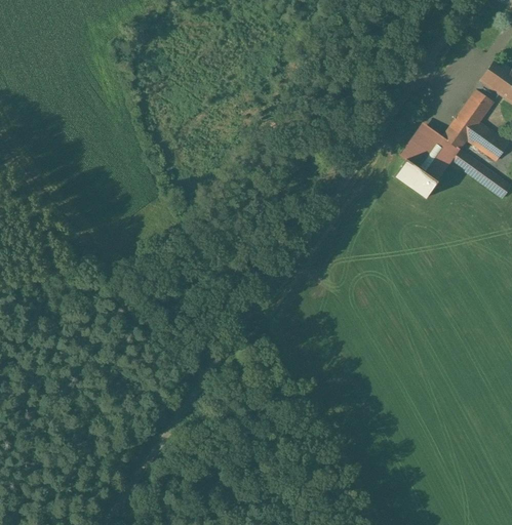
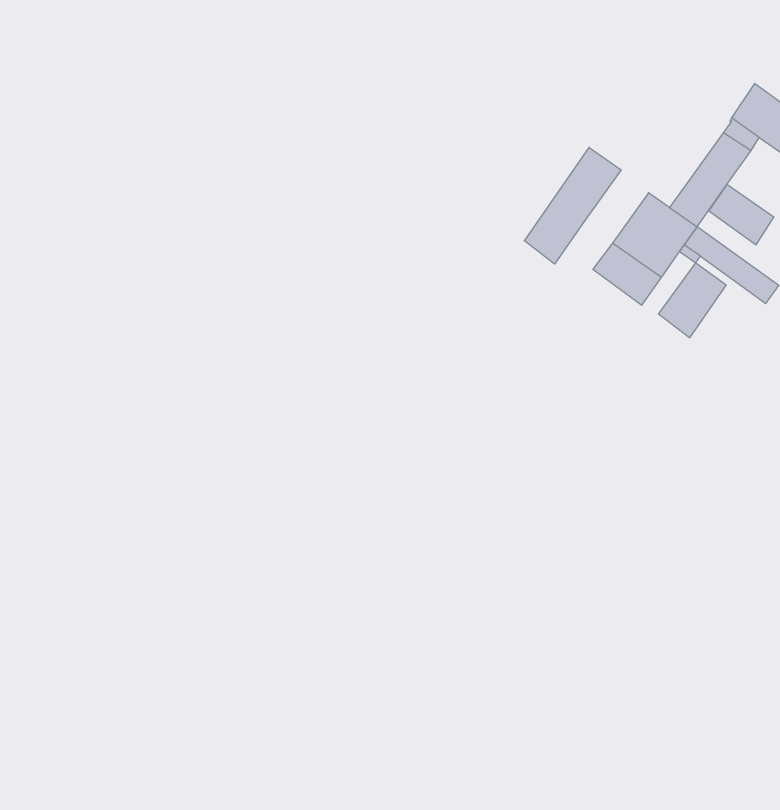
building: none -> [524,147,621,264]
building: none -> [659,263,726,338]

